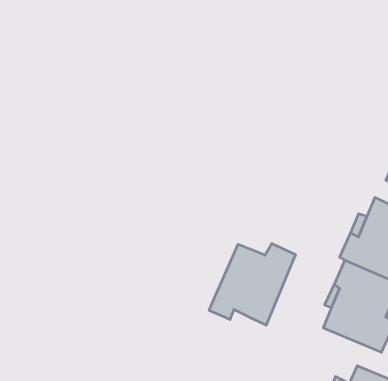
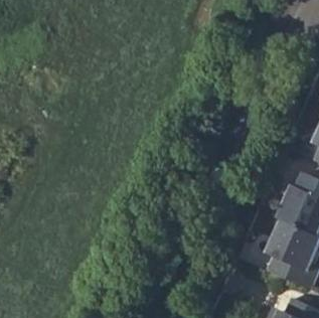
building: [209,244,295,325] -> none

